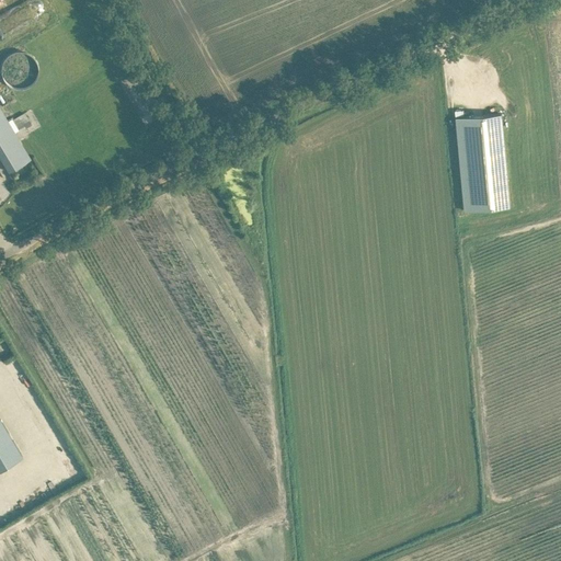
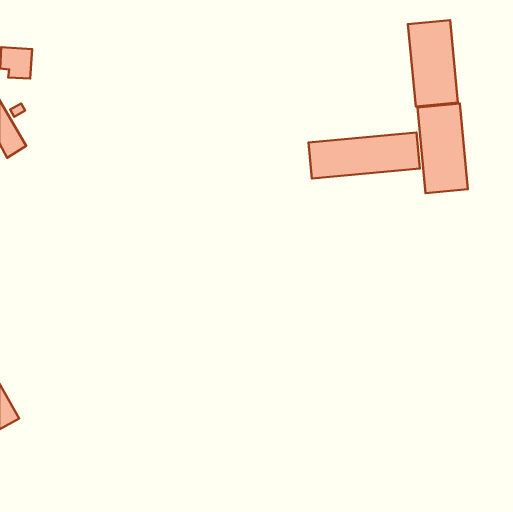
building: none -> [408,20,458,107]
building: none -> [308,132,420,179]

